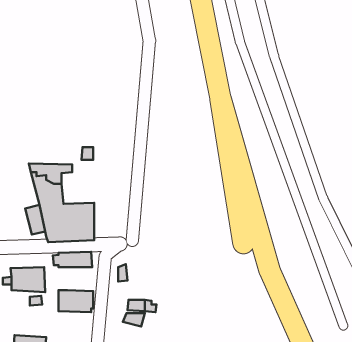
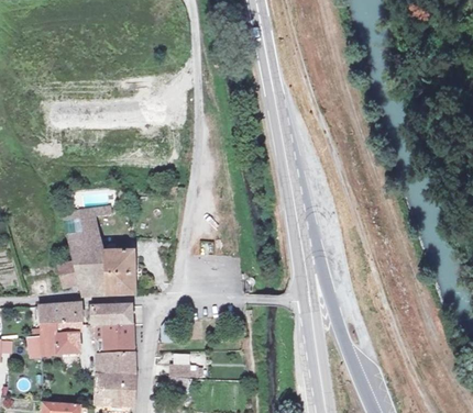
building: none -> [41,304,78,326]
building: none -> [95,325,133,351]
building: none -> [95,376,132,406]

